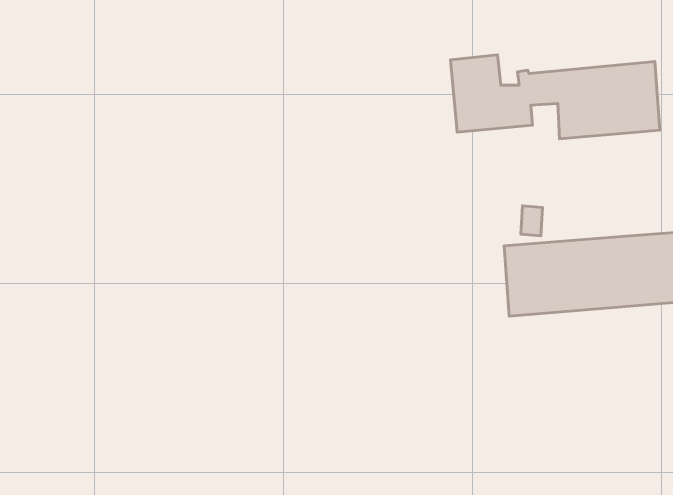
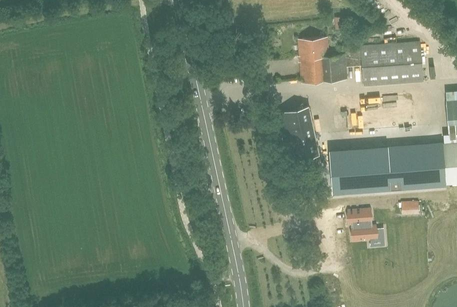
building: none -> [277,106,318,161]
building: none -> [348,209,384,246]

